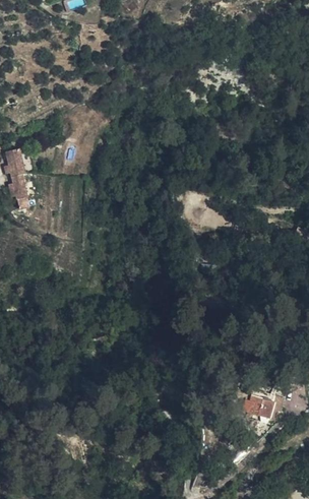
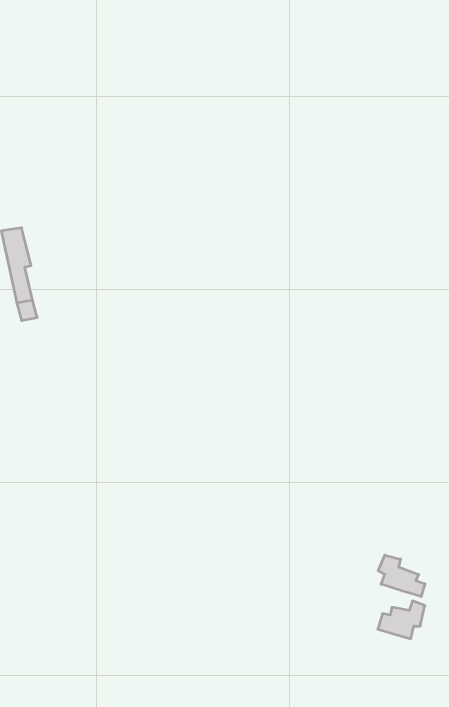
building: none -> [378,555,425,597]

